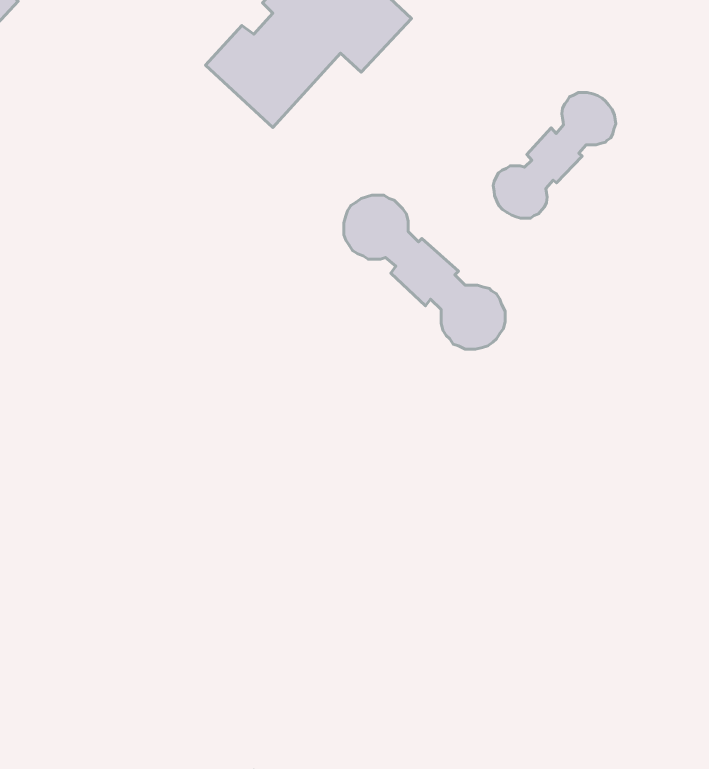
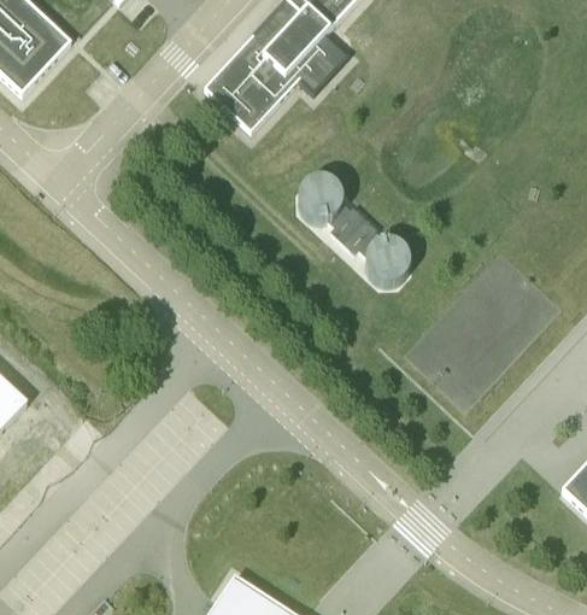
building: [493,93,616,218] -> none

